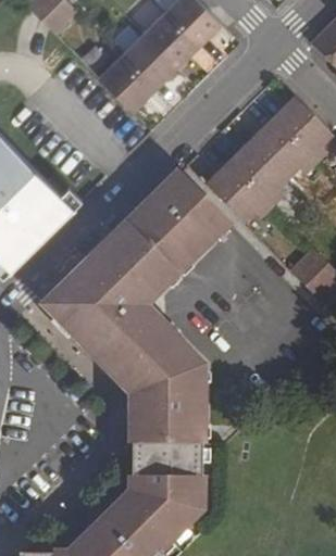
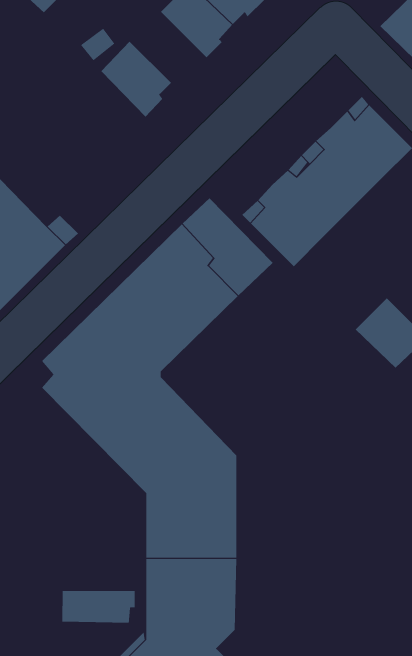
building: [121,33,178,86] -> none
building: none -> [62,590,135,623]

